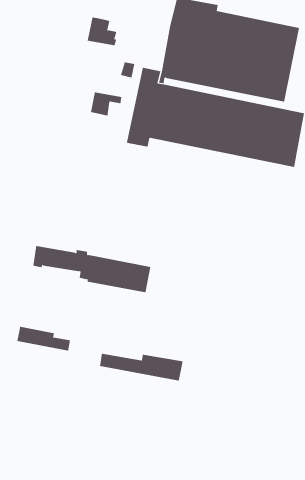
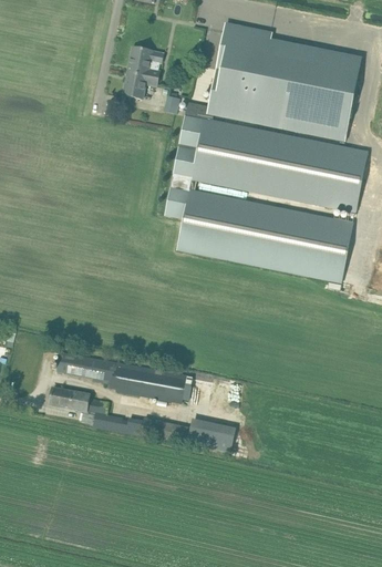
building: [90,92,122,116] -> [123,73,158,100]
building: none -> [166,186,355,282]
building: [33,246,151,293] -> [56,352,187,404]

